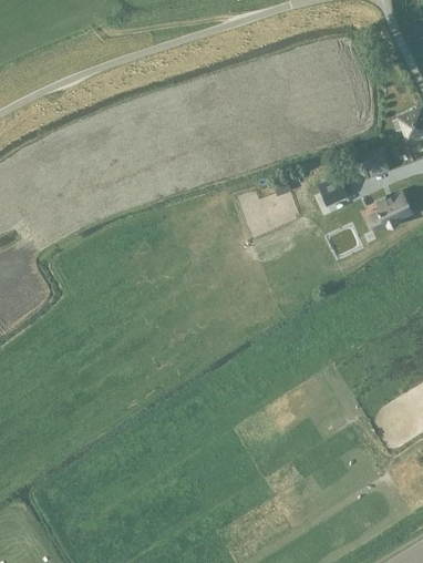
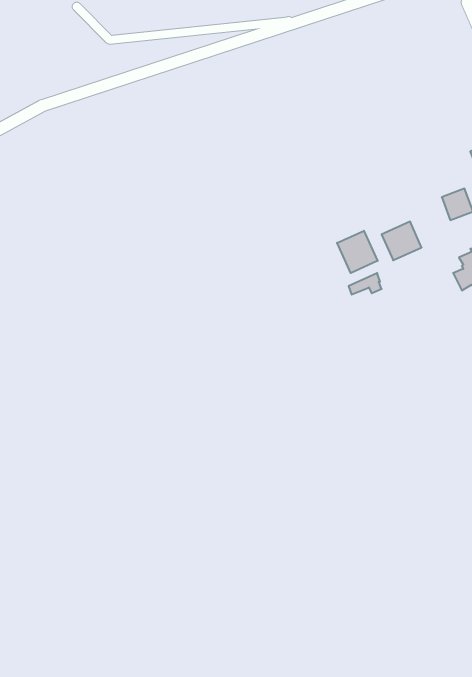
building: none -> [337,231,378,273]

